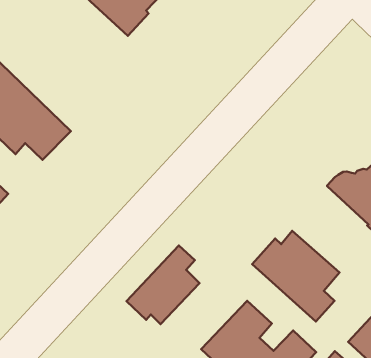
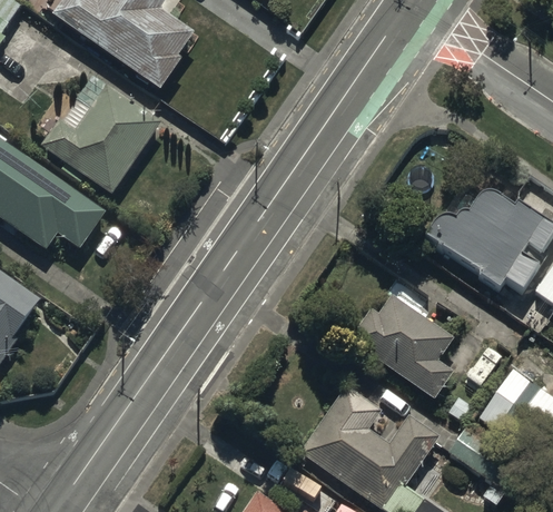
building: none -> [39,82,159,193]
building: [126,245,199,324] -> none

